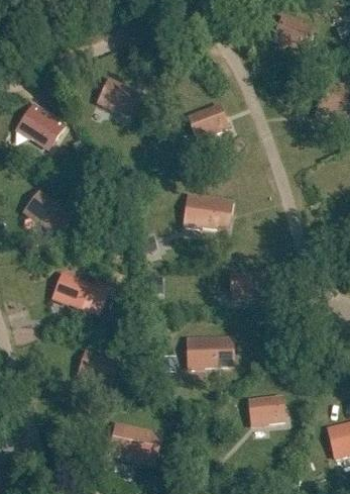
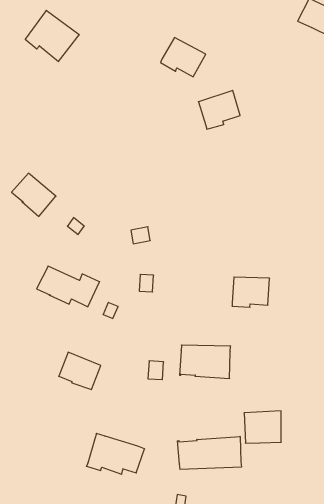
building: [98,80,138,114] -> [161,38,206,77]
building: [16,103,65,149] -> [25,10,79,62]
building: [183,199,231,232] -> none
building: none -> [177,436,241,469]

